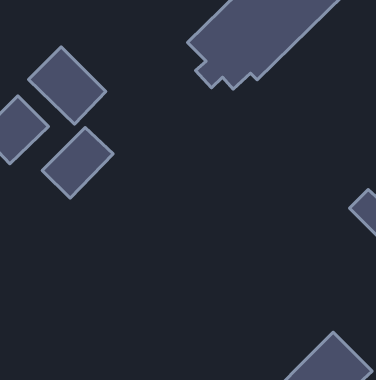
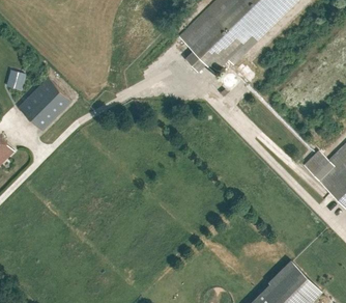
building: [29,47,106,124] -> none
building: [42,128,113,198] -> none

